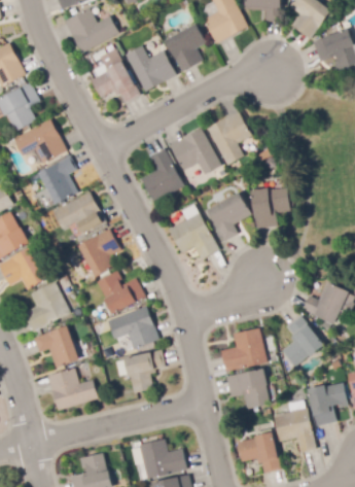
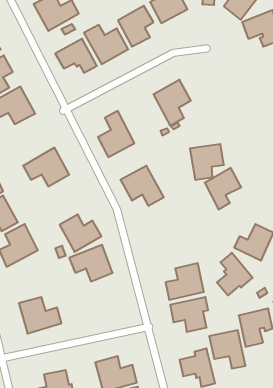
building: [169,128,221,174] -> none
building: [39,155,78,204] -> none
building: [208,192,251,241] -> [205,168,241,210]
building: [78,229,120,277] -> none
building: [34,325,79,368] -> none
building: [125,349,166,393] -> none

